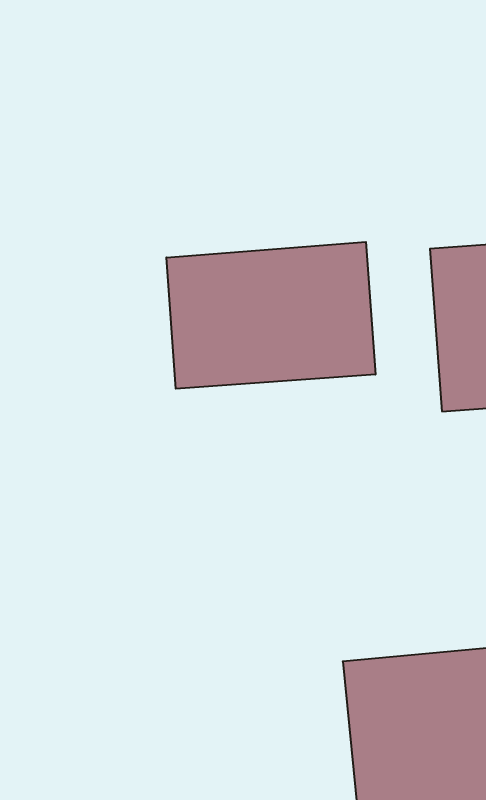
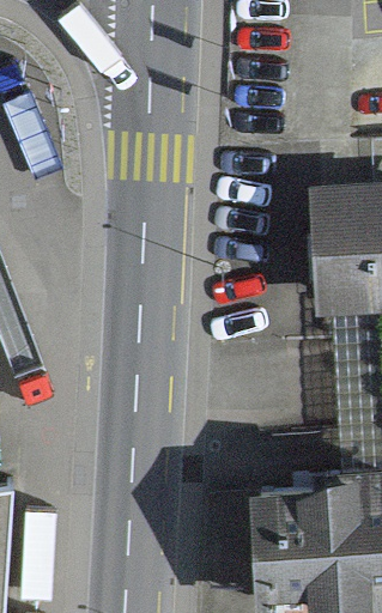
building: [166,242,375,389] -> none

